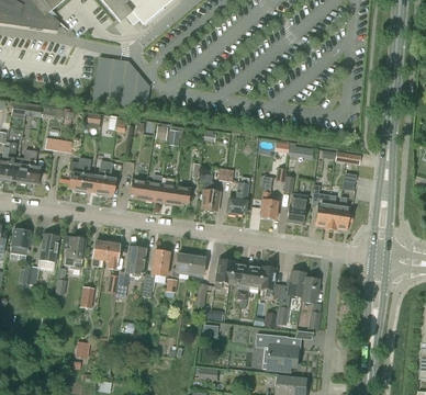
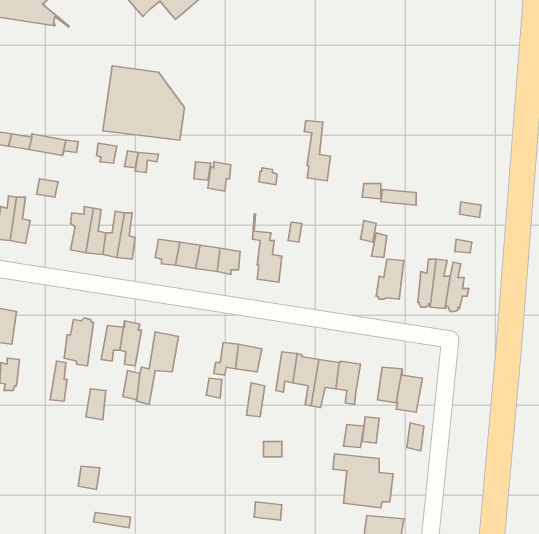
building: [258,176,277,218] -> [304,121,330,181]
building: [226,177,249,214] -> none
building: [38,233,58,261] -> none
building: [141,250,169,296] -> none

